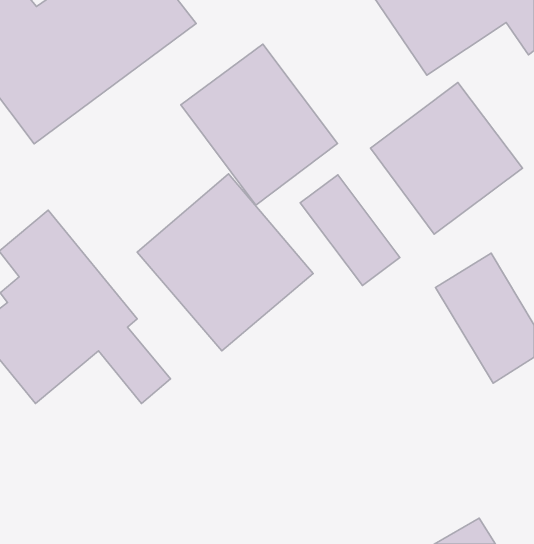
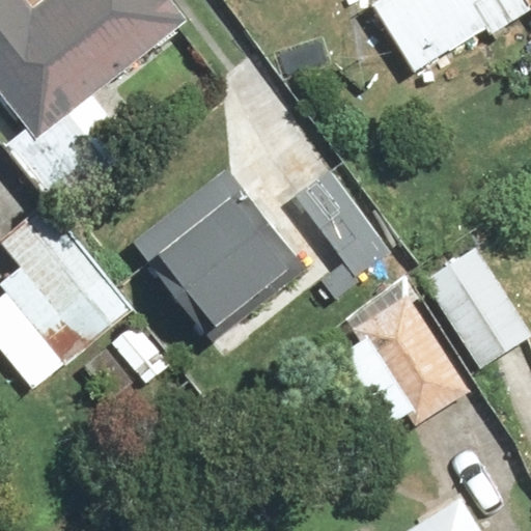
building: [181,44,338,205] -> none
building: [370,82,522,234] -> none
building: none -> [344,278,469,428]

